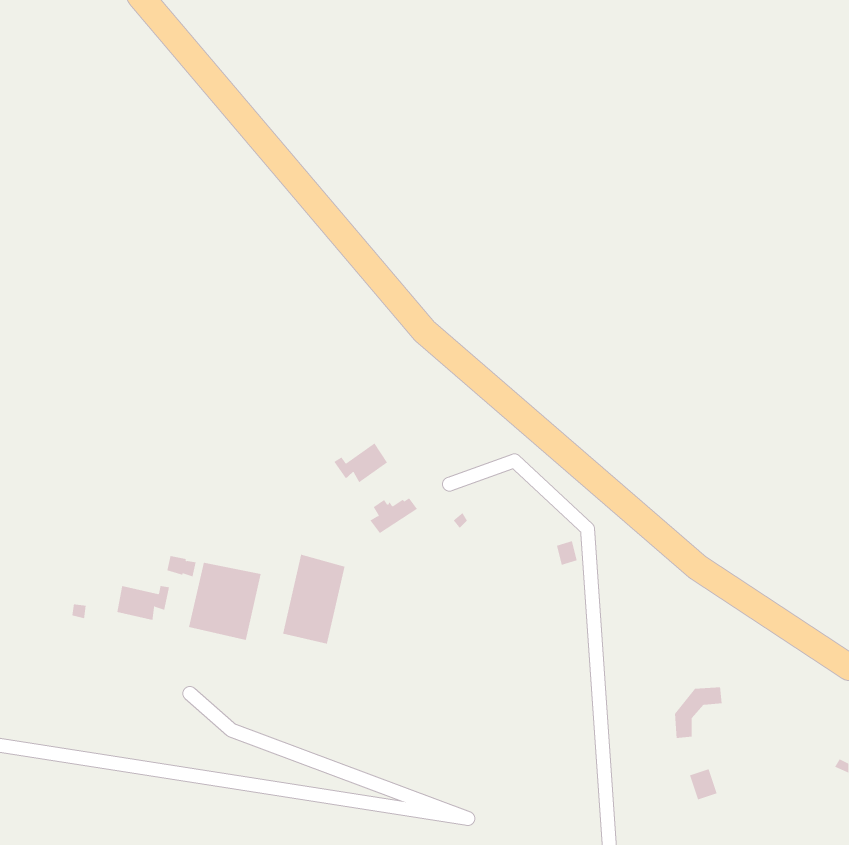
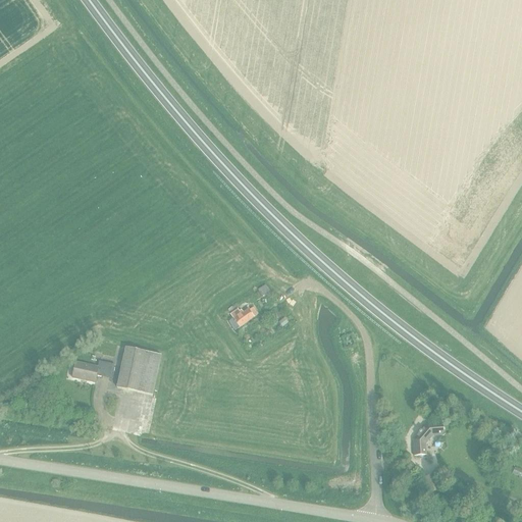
building: [334,443,388,483] -> none
building: [282,554,345,644] -> none

